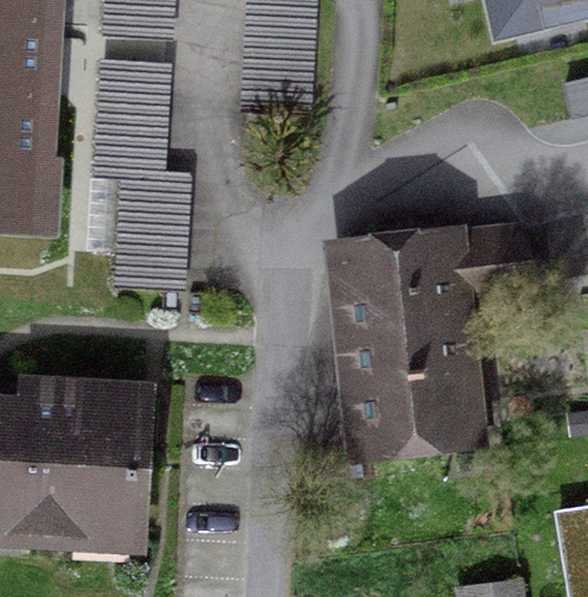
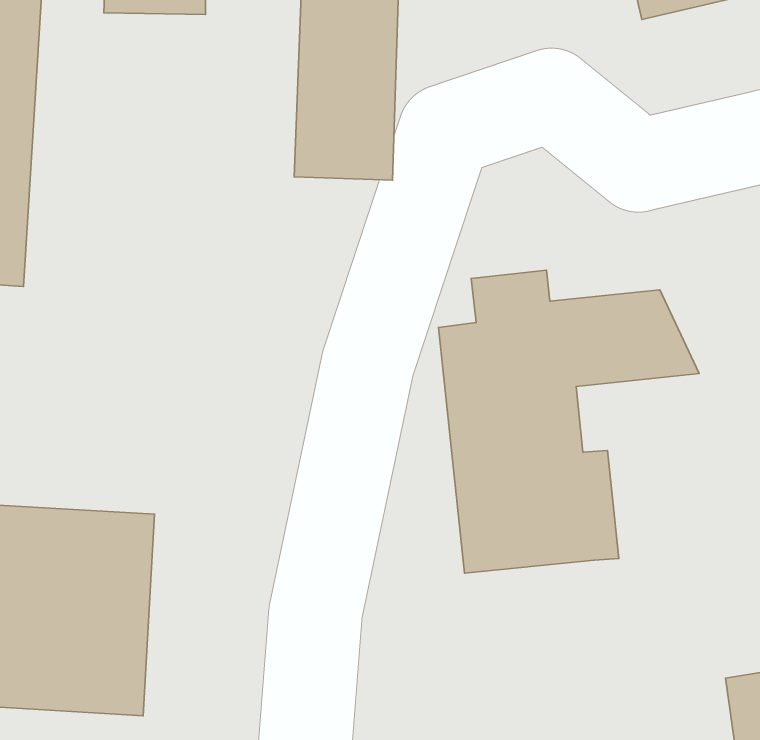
building: [94,61,196,284] -> none

